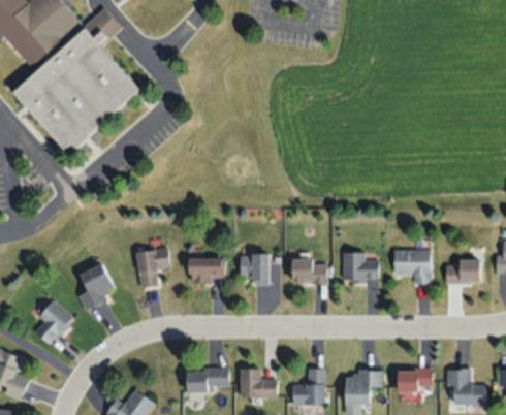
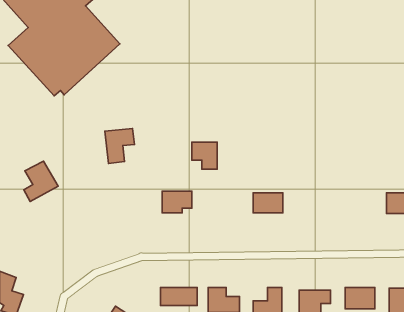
building: [135,248,169,288] -> [105,128,134,163]
building: [393,250,431,284] -> none
building: [344,252,378,281] -> none
building: [240,254,268,285] -> [192,142,217,169]
building: [77,263,117,310] -> [24,161,58,201]
building: [34,299,74,346] -> none

